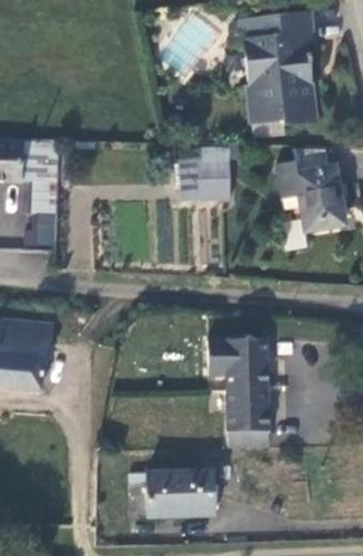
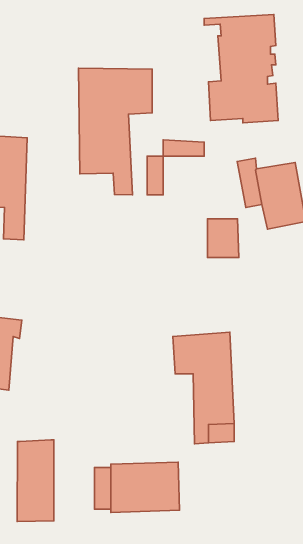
building: none -> [79,68,152,195]
building: [198,159,229,198] -> [208,219,239,257]
building: none -> [17,440,54,522]

